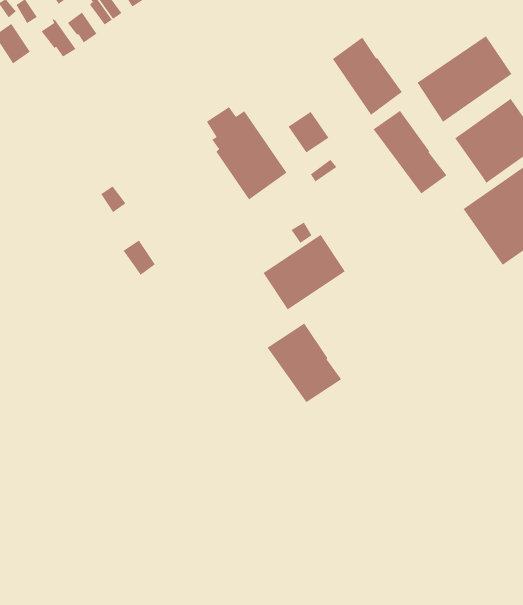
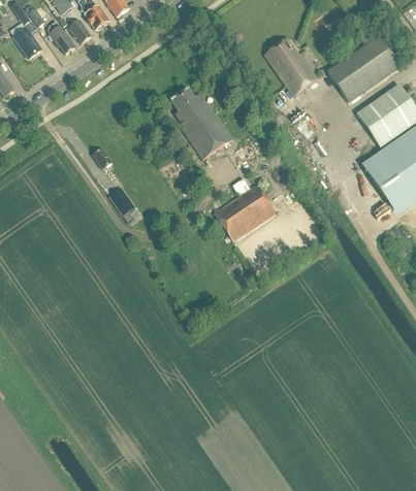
building: [372,110,447,194] -> none
building: [288,111,330,153] -> none
building: [267,323,342,403] -> none

